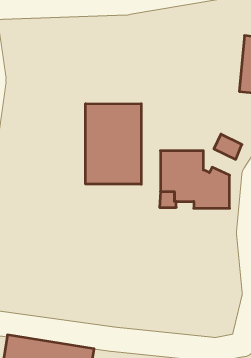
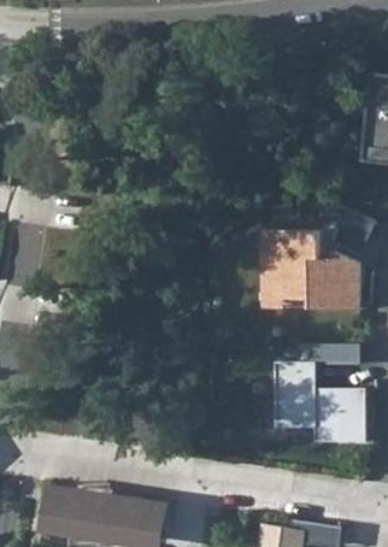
building: [86,104,141,184] -> none
building: none -> [274,343,365,442]

